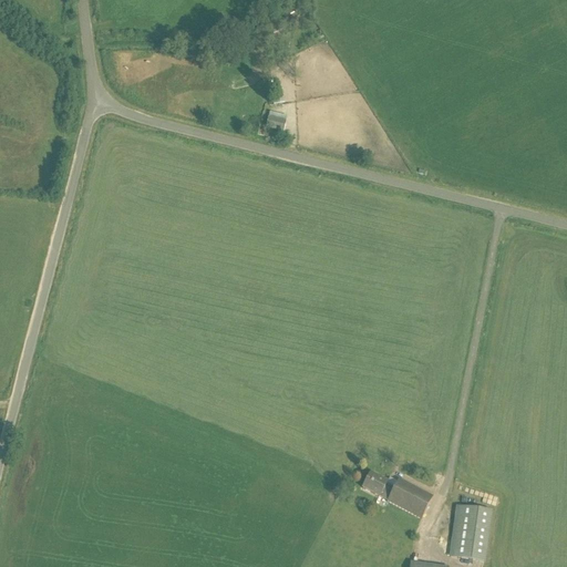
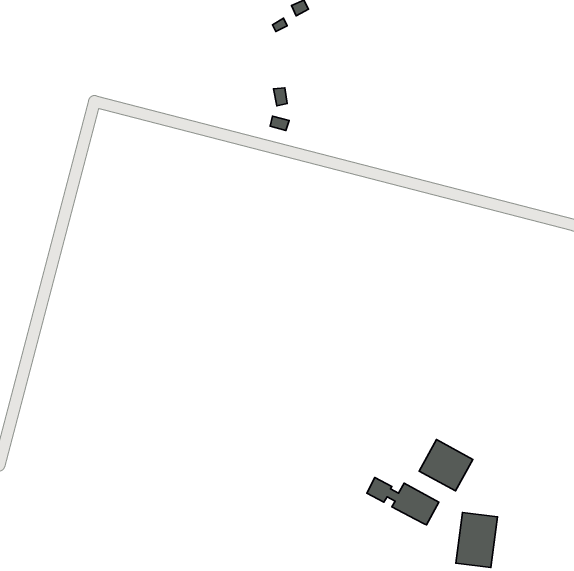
building: none -> [419,440,473,491]

